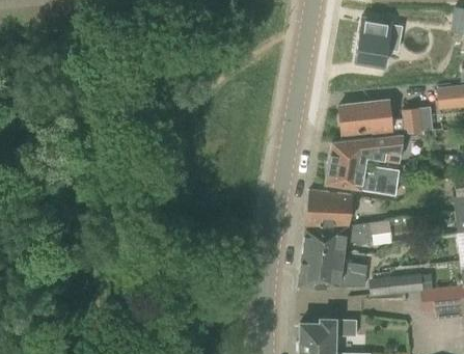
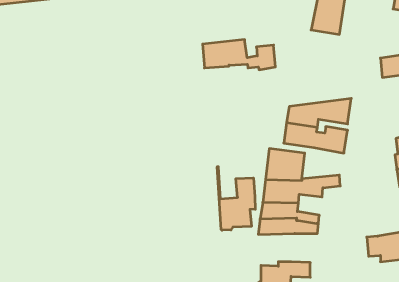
building: [342,101,425,135] -> [203,40,275,70]
building: none -> [217,167,255,230]
building: [371,272,425,296] -> none

